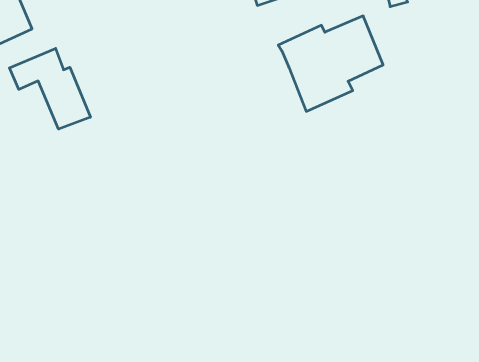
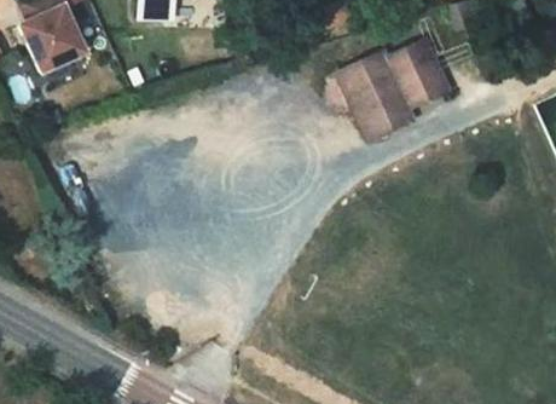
building: [9,48,90,129] -> none

